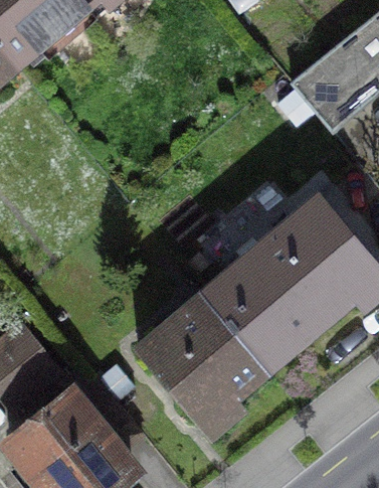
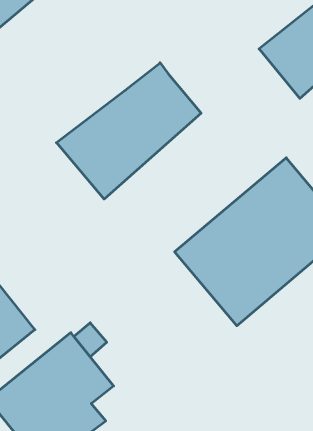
building: none -> [56,63,201,199]
building: [138,295,267,426] -> none

